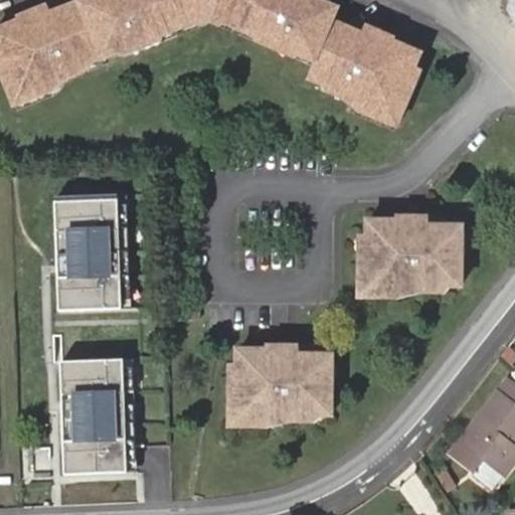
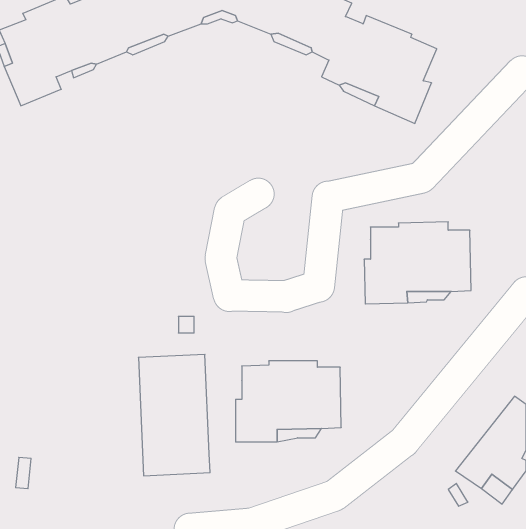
building: [53,192,124,310] -> none
building: [59,357,129,475] -> [138,354,210,476]

